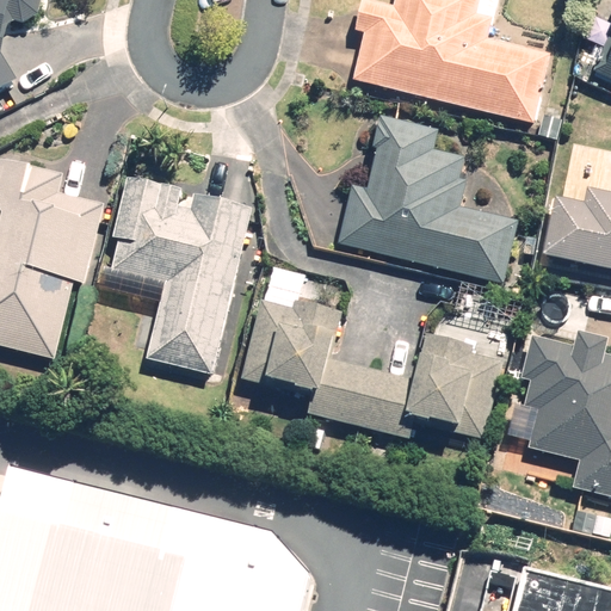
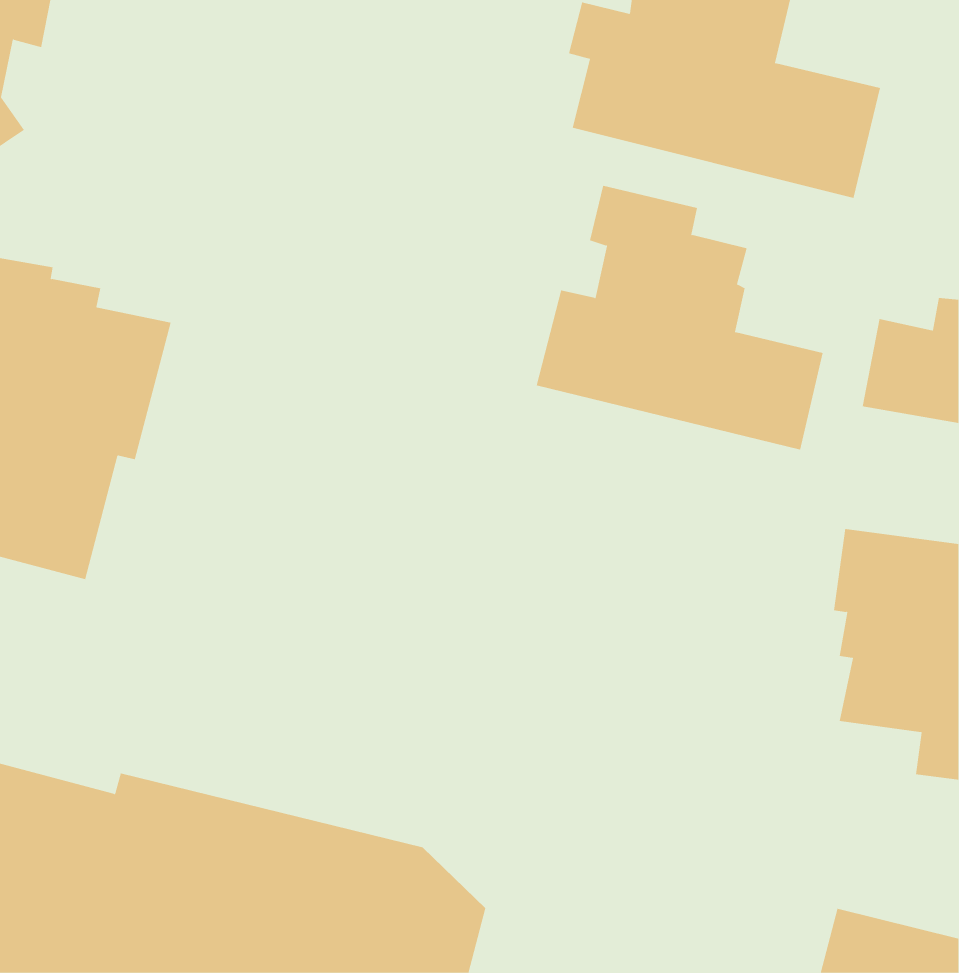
building: [104,177,252,381] -> none
building: [239,289,513,440] -> none

